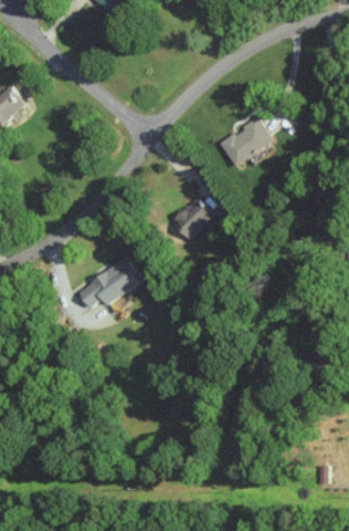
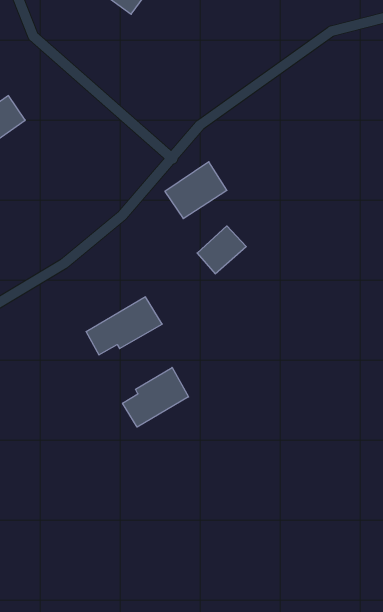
building: [220,117,273,166] -> [165,162,227,219]
building: none -> [123,367,189,427]

